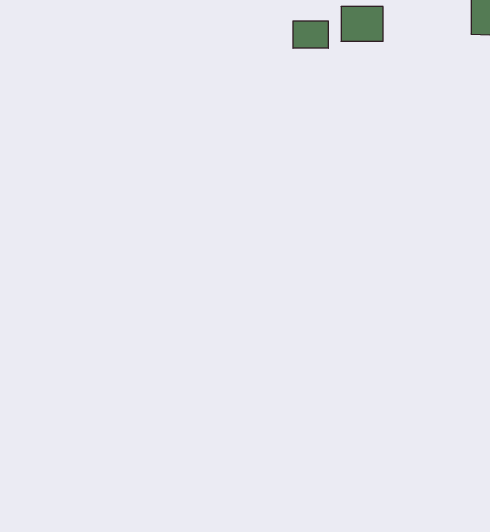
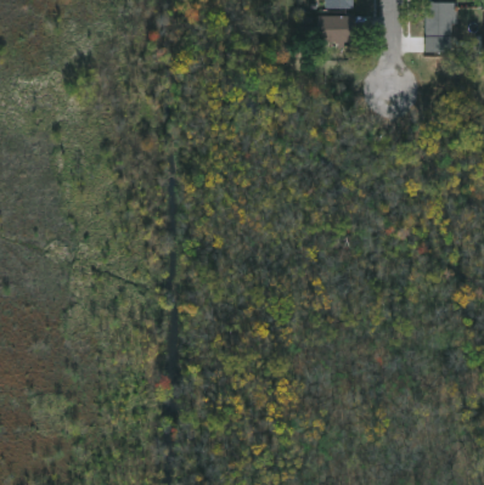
building: [293,21,328,48] -> none

